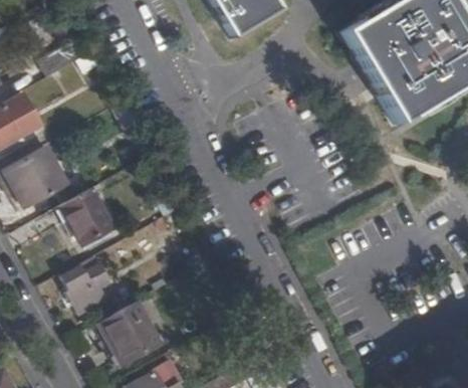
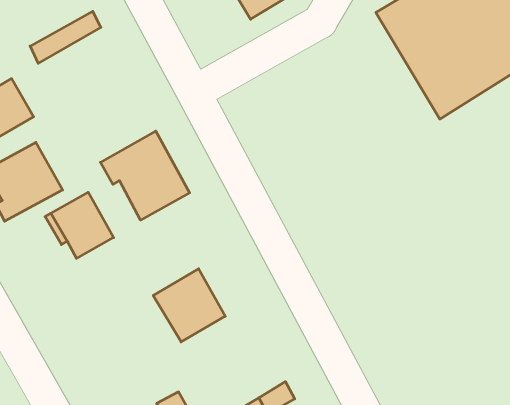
building: none -> [100,131,190,220]
building: [63,254,110,315] -> none
building: [99,300,162,363] -> [153,269,225,342]

